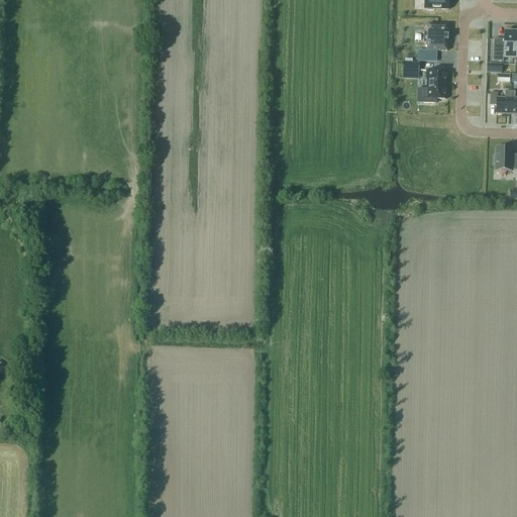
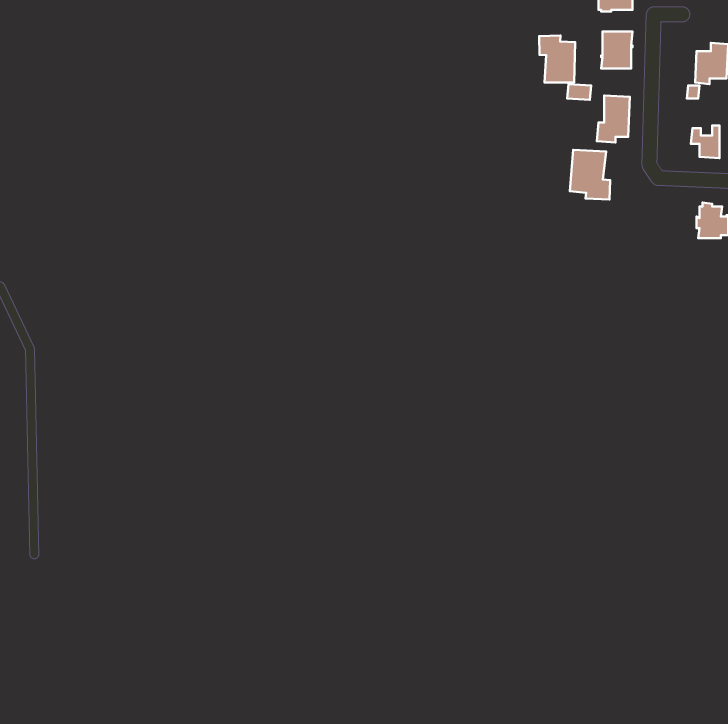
building: none -> [539,36,575,83]
building: none -> [570,150,610,199]

